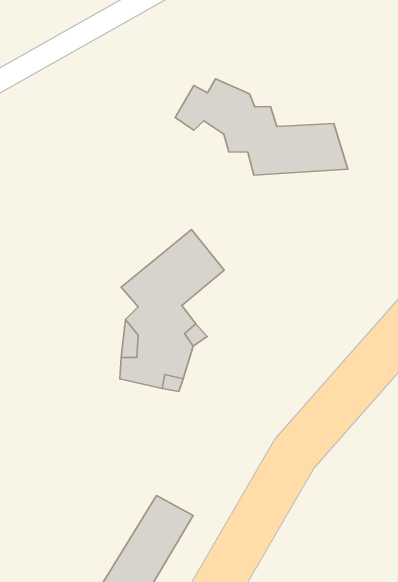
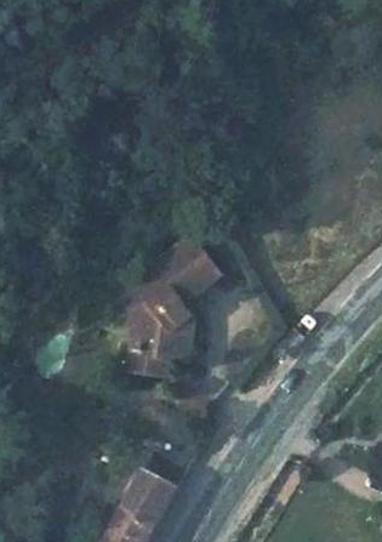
building: [175,79,348,175] -> none

